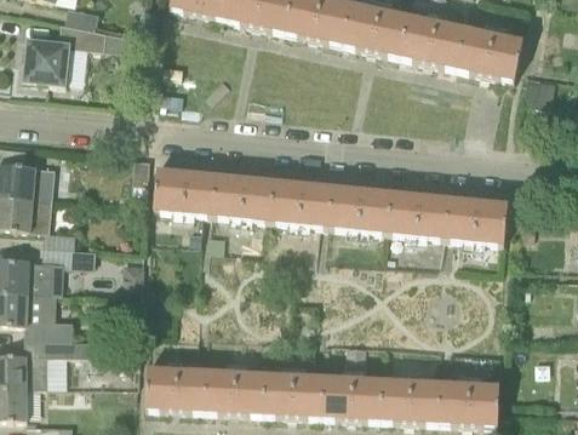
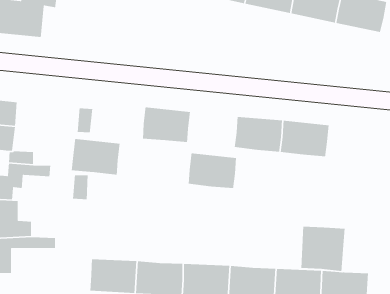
building: [153,167,216,214] -> [71,138,120,176]
building: [270,179,332,225] -> [188,153,237,189]
building: [445,196,508,244] -> none
building: none -> [300,226,346,272]

